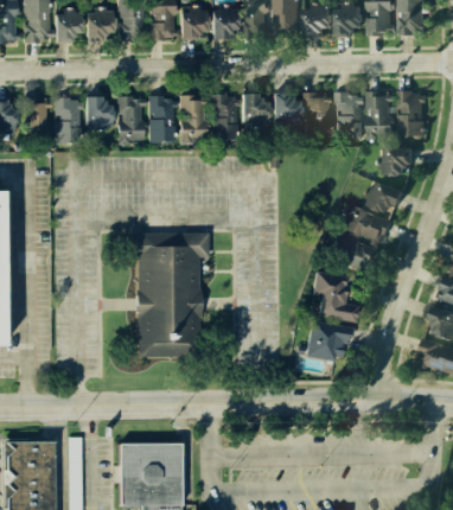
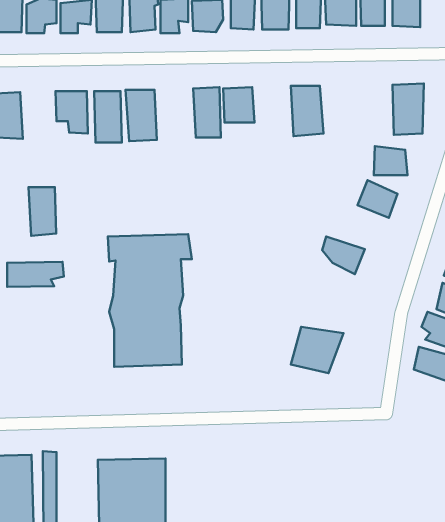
building: [368,90,395,126] -> none
building: [334,91,363,136] -> none
building: [269,93,301,129] -> none
building: [179,94,205,144] -> none
building: [53,97,79,144] -> [29,187,56,236]
building: [344,204,391,244] -> none
building: none -> [7,262,64,287]
building: [313,269,363,325] -> none

